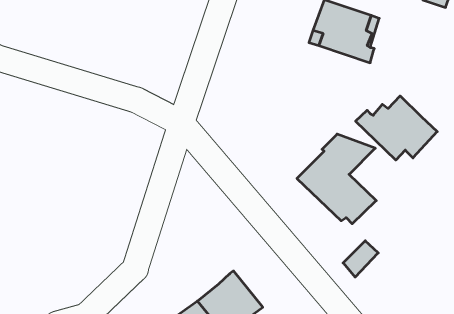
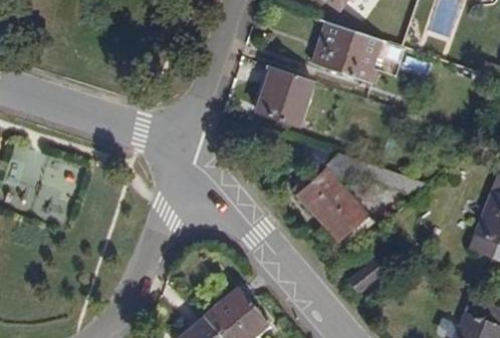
building: none -> [256,66,313,127]
building: [356,96,437,160] -> none

